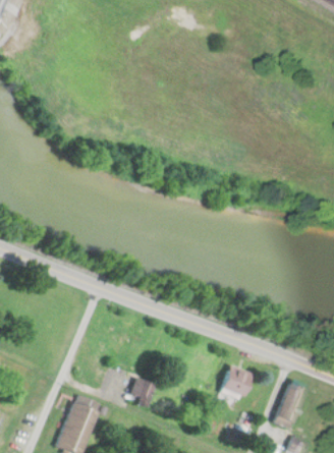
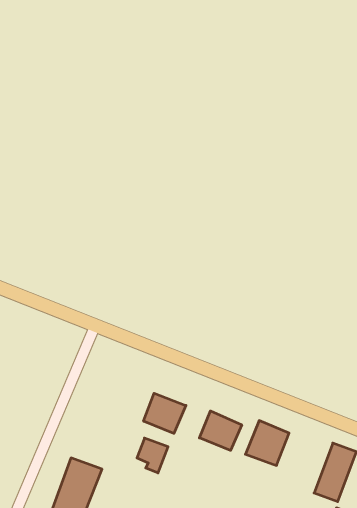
building: none -> [144,393,186,433]
building: none -> [199,411,242,450]

